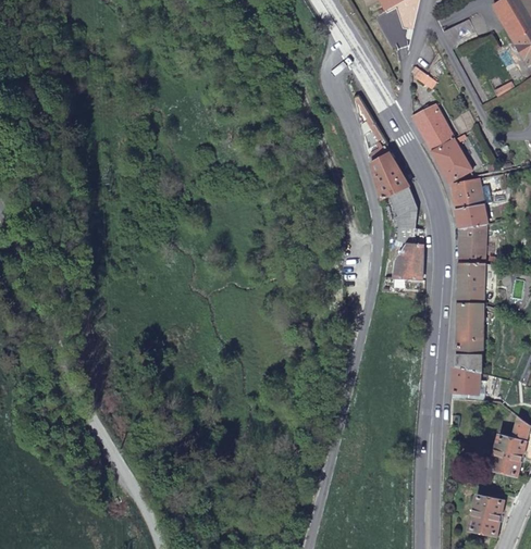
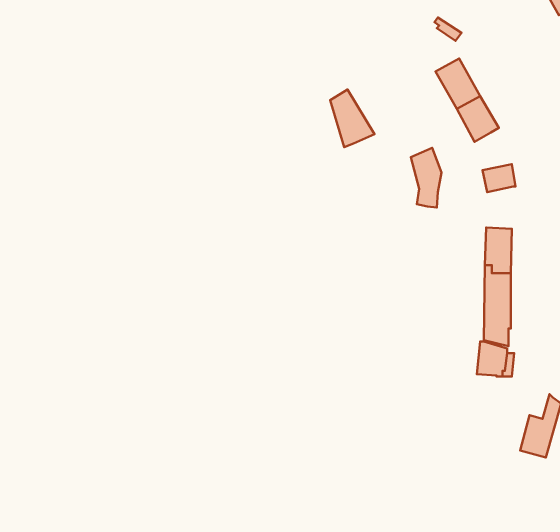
building: [368,146,409,199] -> [330,90,375,147]
building: [452,178,483,208] -> none
building: [459,223,484,262] -> none
building: [392,228,422,278] -> none
building: [470,495,503,534] -> none

